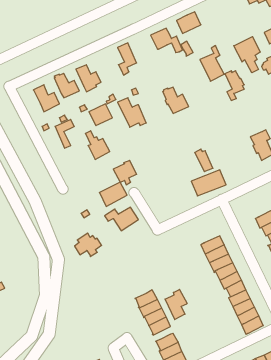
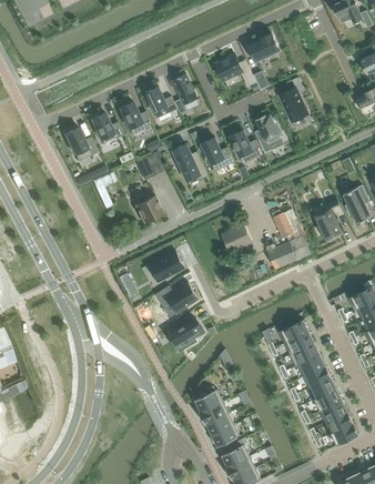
building: [234,37,260,73] -> none
building: none -> [144,85,176,118]
building: [224,71,244,100] -> [255,114,281,152]
building: none -> [201,137,234,171]
building: none -> [314,200,343,241]
building: [113,160,137,185] -> [222,223,252,254]
building: [75,233,102,257] -> [169,316,203,346]
building: [165,289,187,320] -> none

